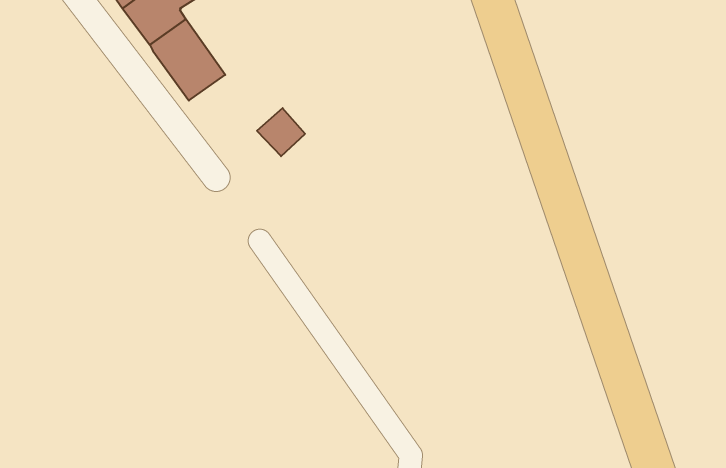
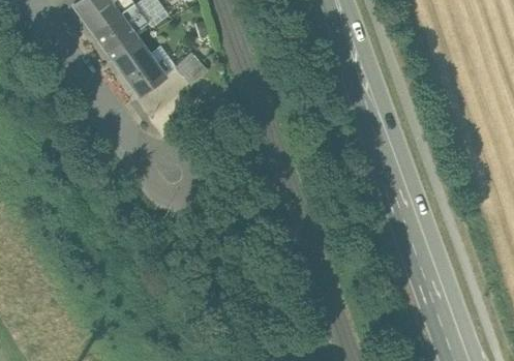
building: [257,108,305,156] -> [174,52,207,85]

